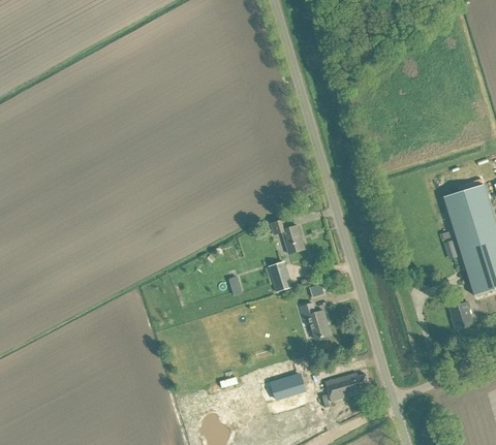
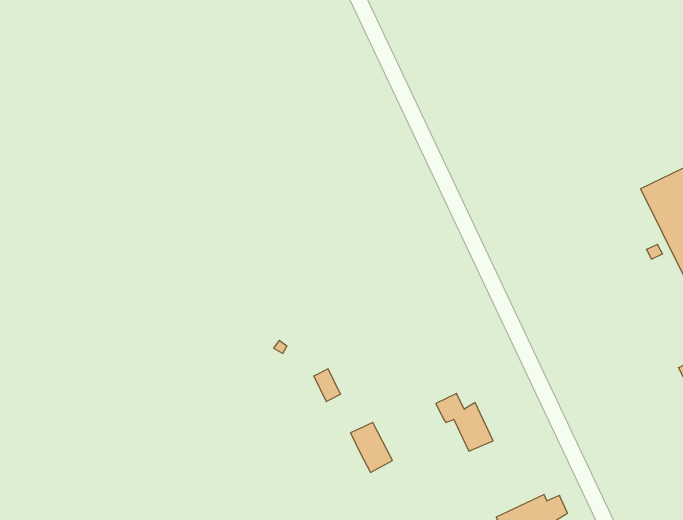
building: [271,219,305,254] -> none
building: [268,262,290,292] -> [351,422,392,472]

